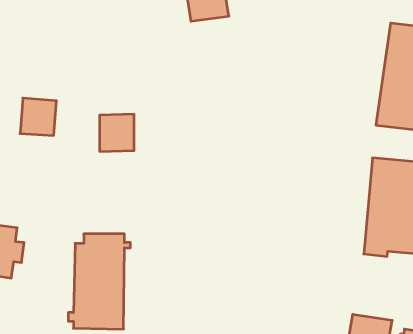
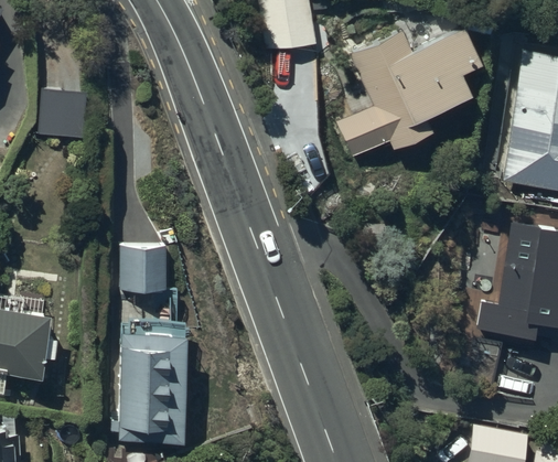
building: none -> [341,29,480,157]
building: [20,98,56,135] -> [41,92,87,139]
building: [100,114,134,151] -> [121,245,165,292]

